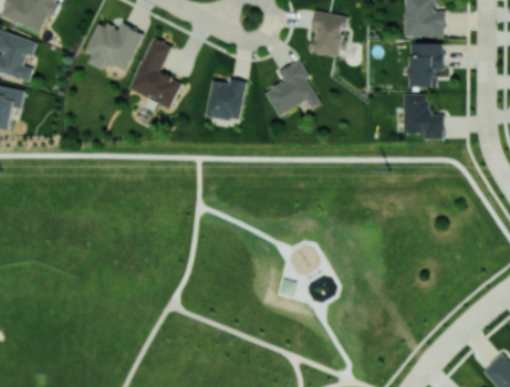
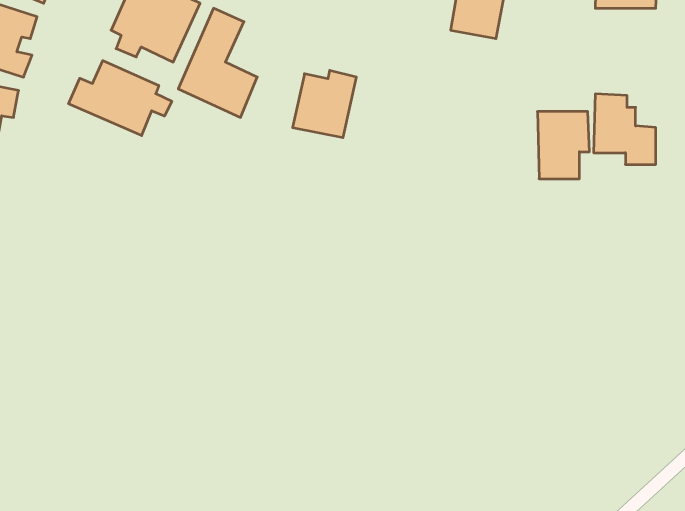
building: [409,43,444,87] -> [537,112,589,179]
building: [264,60,320,116] -> none
building: none -> [69,61,172,136]

